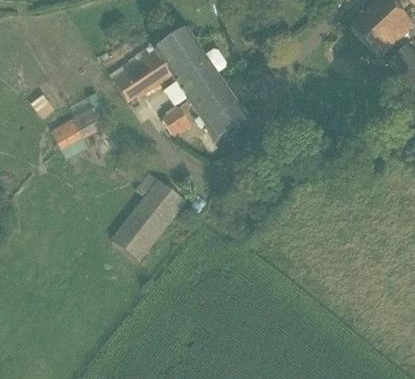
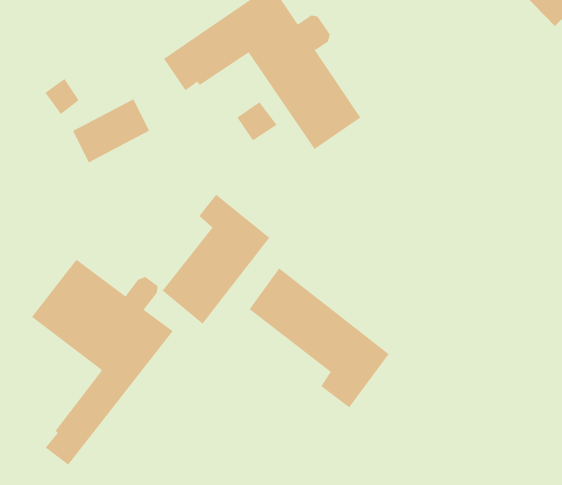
building: none -> [31,259,173,466]
building: none -> [249,268,389,408]

